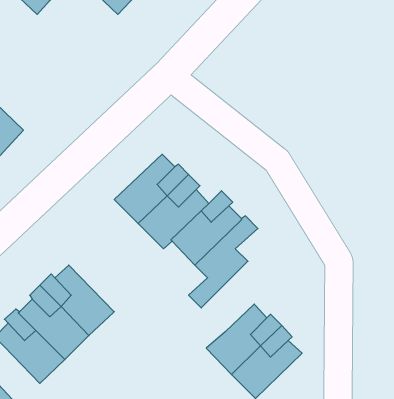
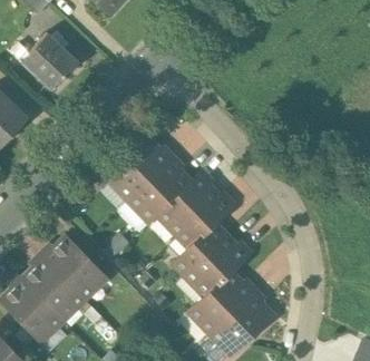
building: none -> [21,33,80,89]
building: none -> [184,235,251,297]

